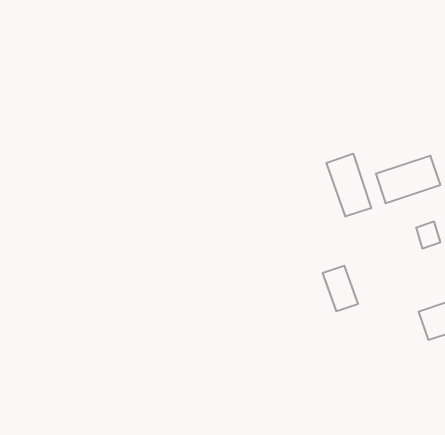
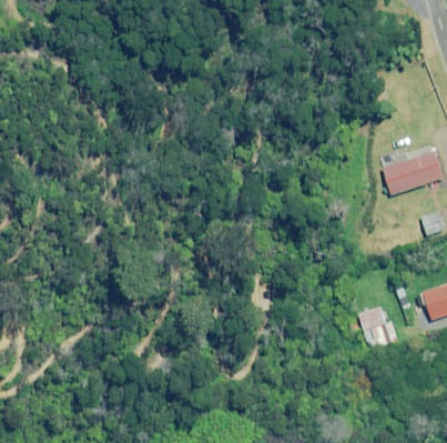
building: [326,154,371,217] -> none
building: [323,266,358,311] -> [358,306,390,348]

